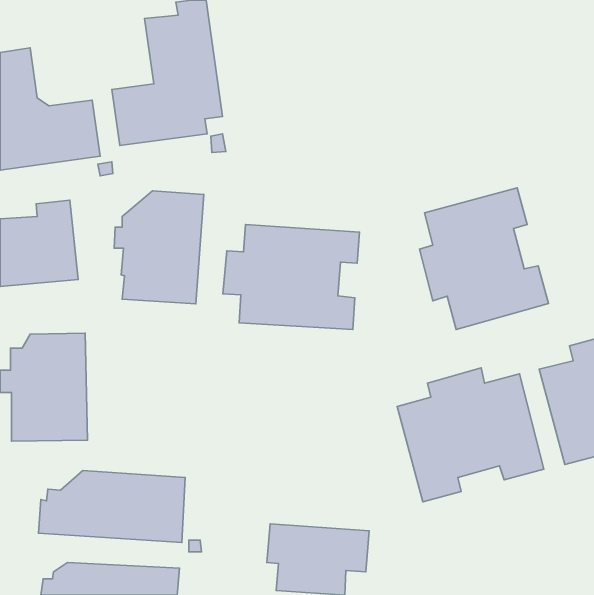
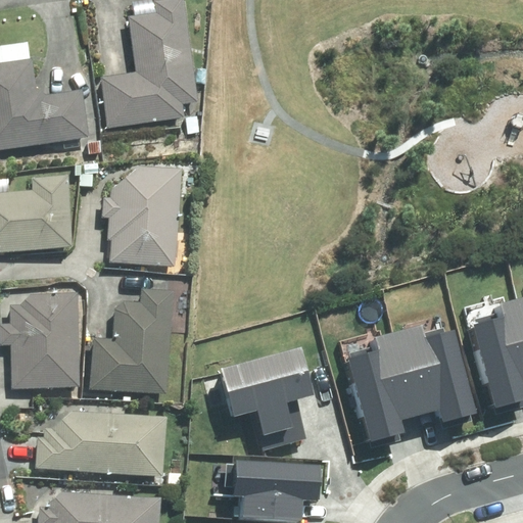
building: [420,188,549,330] -> none
building: [223,224,359,330] -> none
building: none -> [89,288,170,394]
building: none -> [221,347,317,450]

